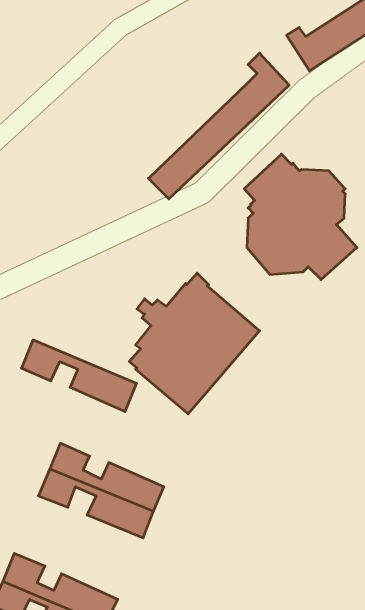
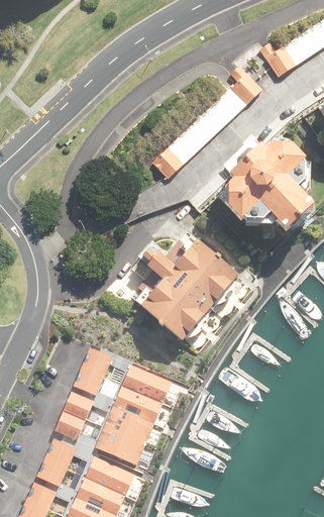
building: [21,340,137,412] -> [82,345,173,402]
building: none -> [57,409,147,463]
building: none -> [45,434,136,491]

